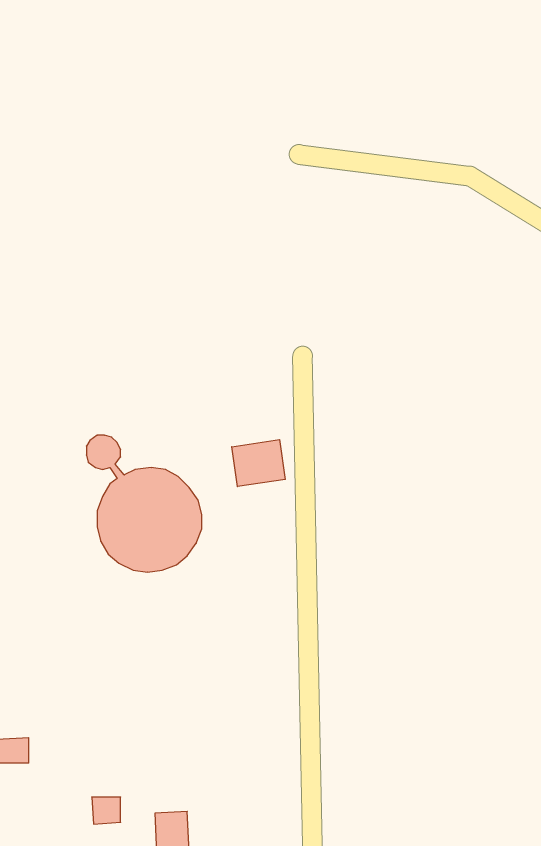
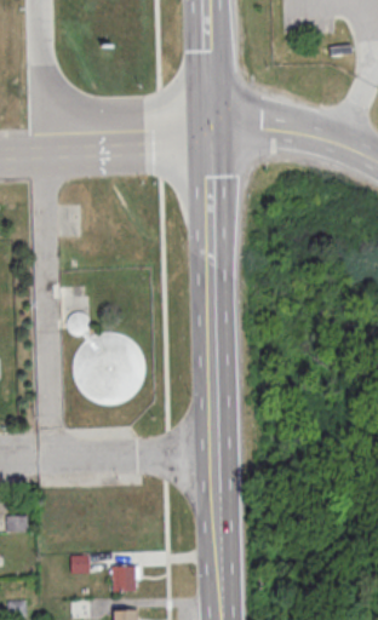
building: [232,440,285,487] -> none

